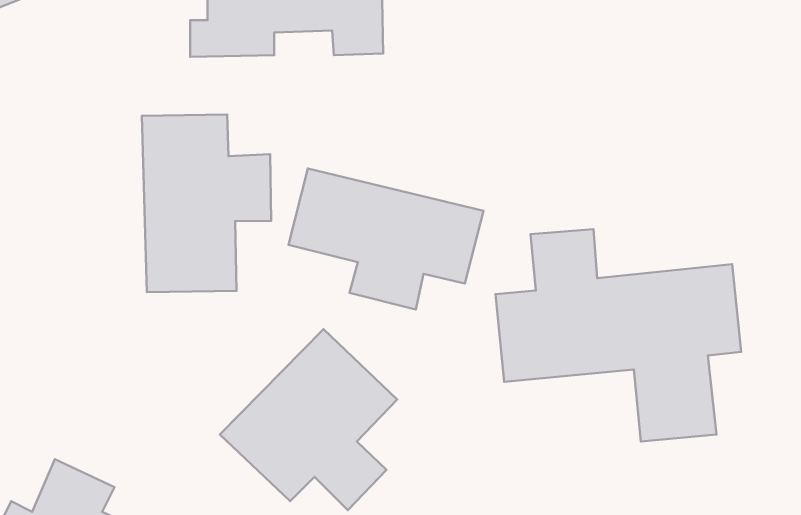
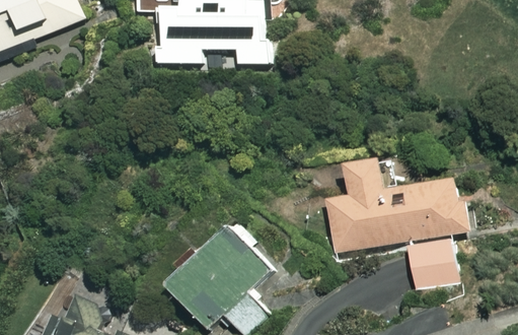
building: [142,115,271,292] -> none
building: [288,168,483,309] -> none

